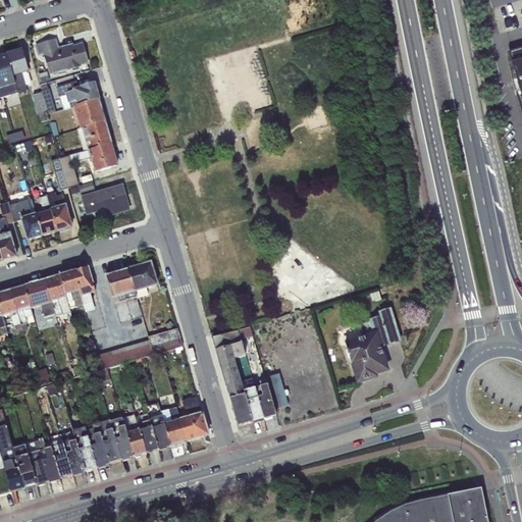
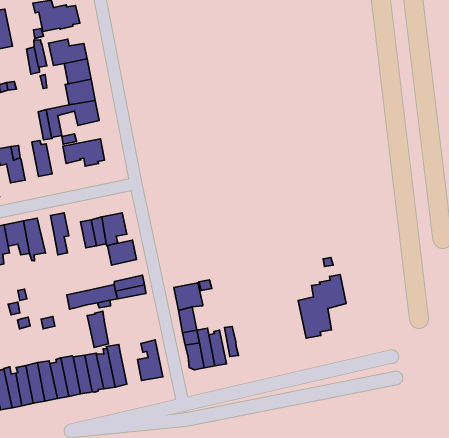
building: [6,48,32,92] -> none
building: [37,194,57,234] -> none
building: [59,270,83,308] -> none
building: none -> [107,240,137,265]
building: [160,405,186,445] -> [87,311,109,347]

